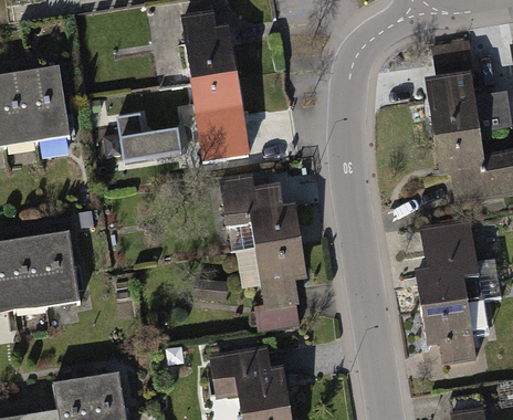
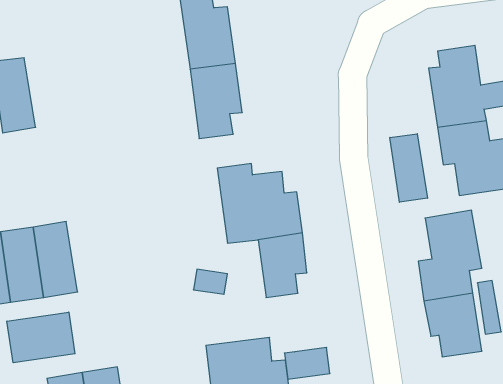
building: [30,67,73,140] -> none
building: [101,116,181,165] -> none
building: none -> [390,134,427,202]
building: [255,302,300,333] -> [284,347,330,379]
building: none -> [7,312,75,363]

